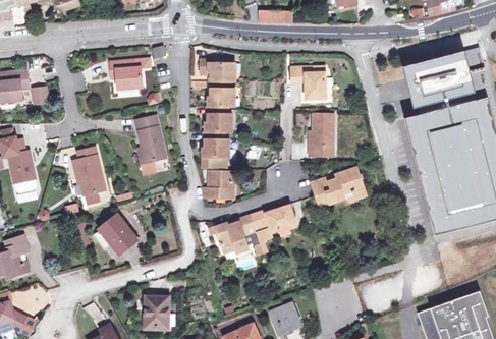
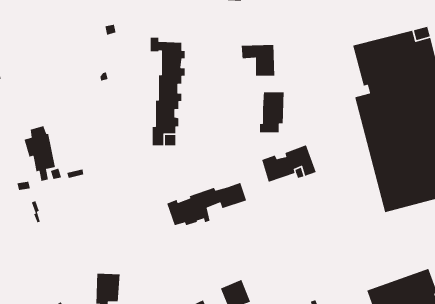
building: [109,57,150,89] -> none
building: [136,115,165,173] -> none
building: [203,170,234,197] -> none
building: [92,215,135,251] -> none

